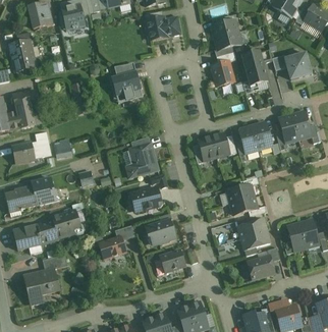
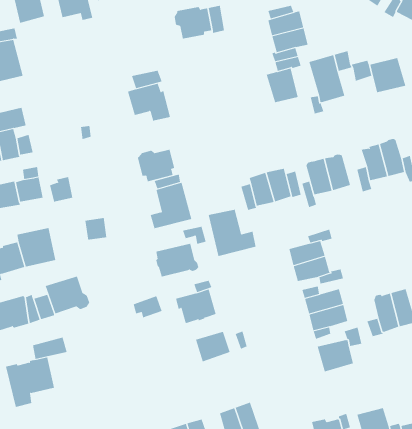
building: none -> [137,149,175,182]
building: none -> [208,208,256,257]
building: [99,236,126,259] -> none

